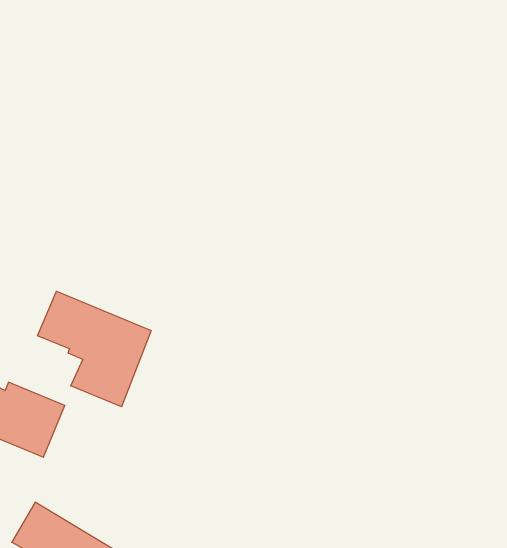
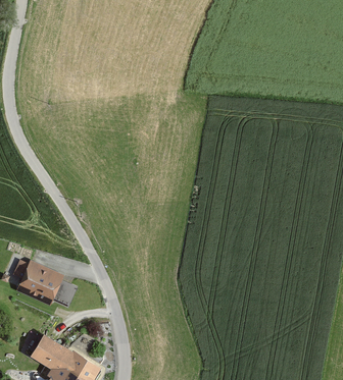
building: [38,291,151,407] -> none

